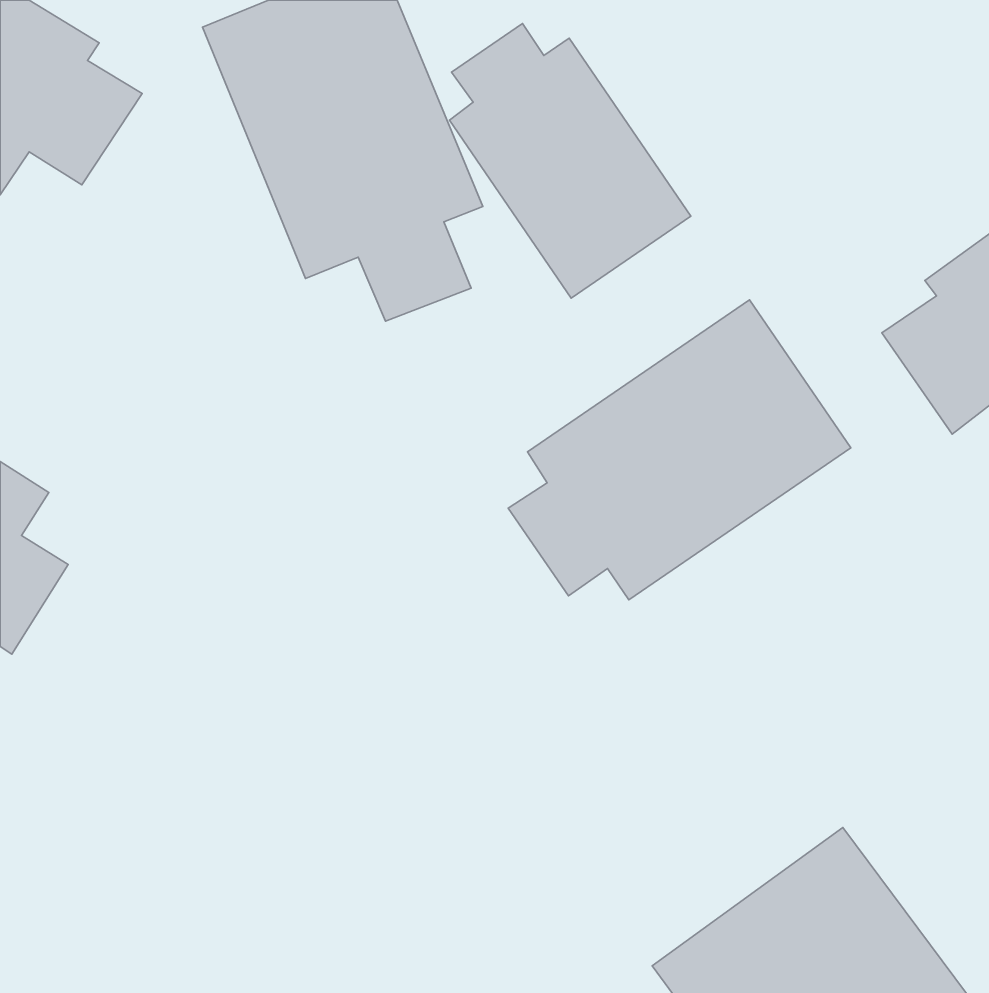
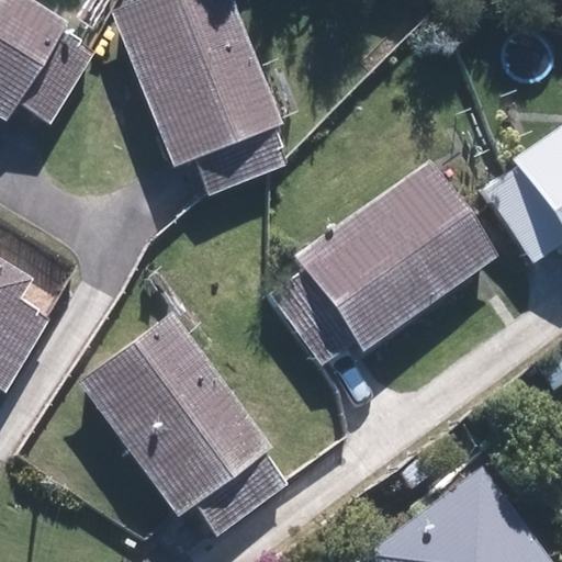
building: [449,24,691,298] -> none
building: none -> [86,322,270,514]

